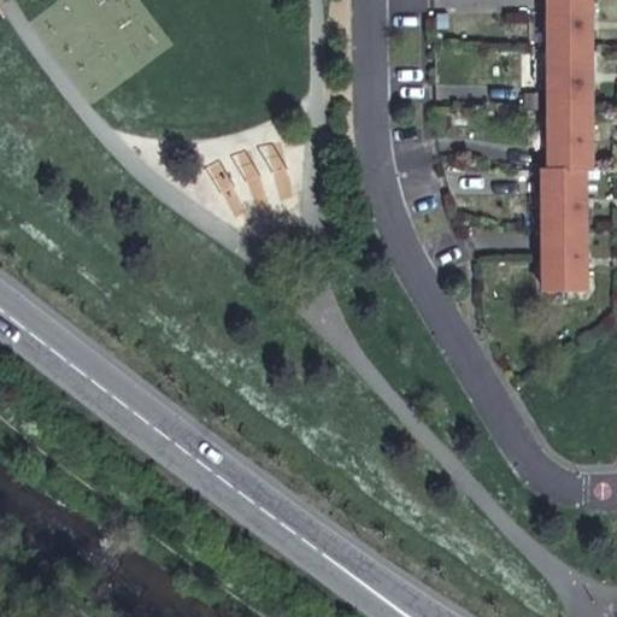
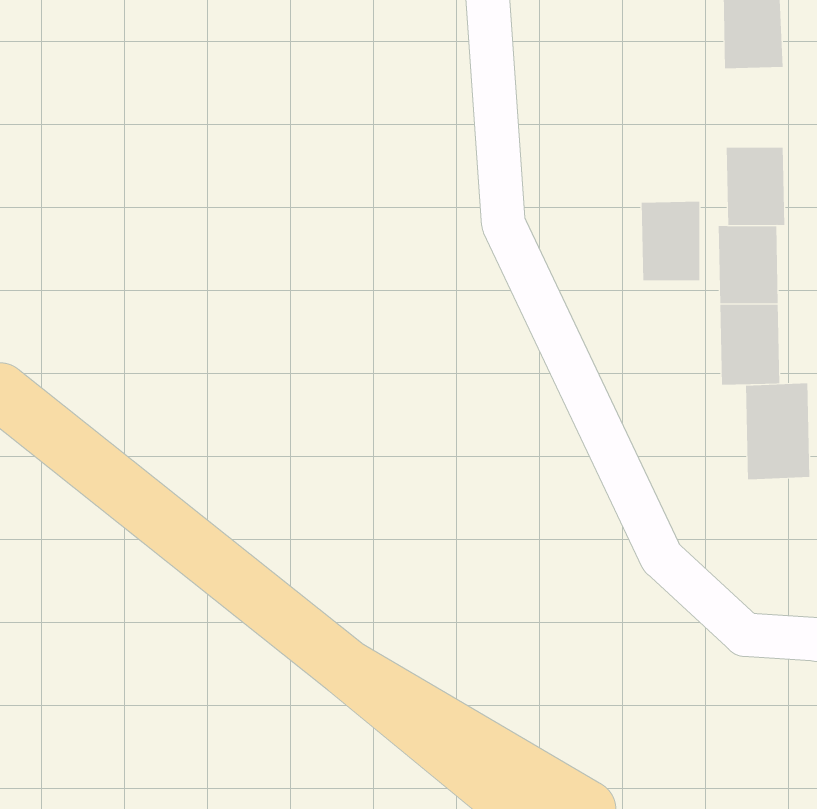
building: [546,51,590,111] -> [641,201,700,281]
building: none -> [746,383,810,480]

